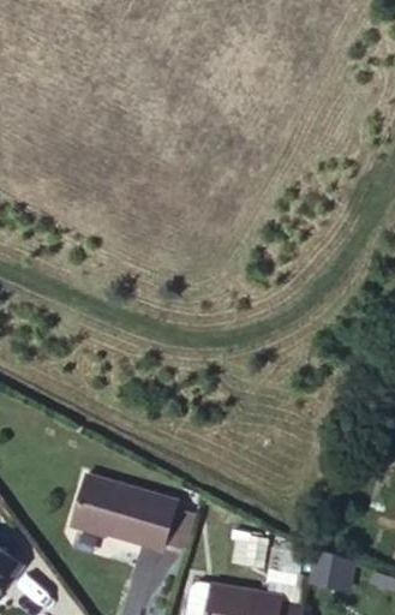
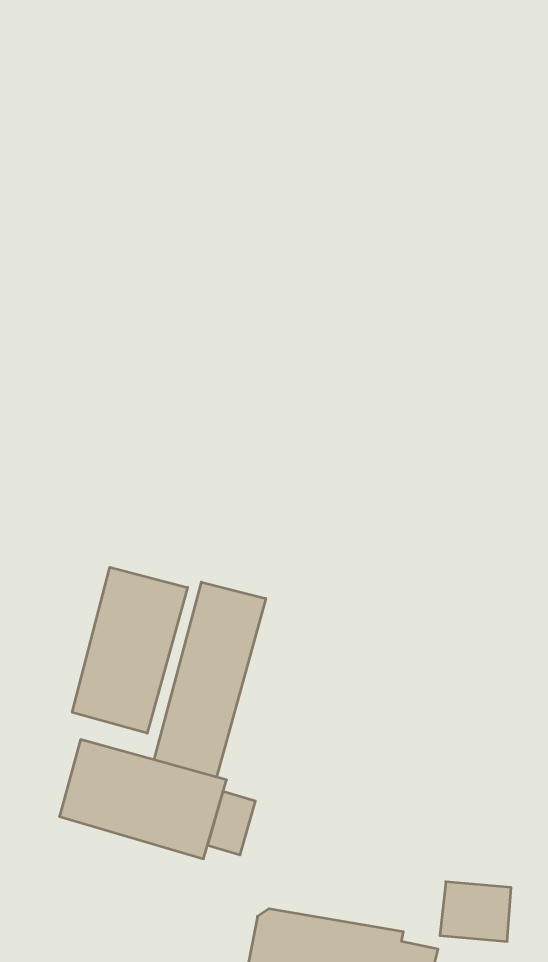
building: none -> [72,567,188,733]
building: none -> [154,582,266,777]

